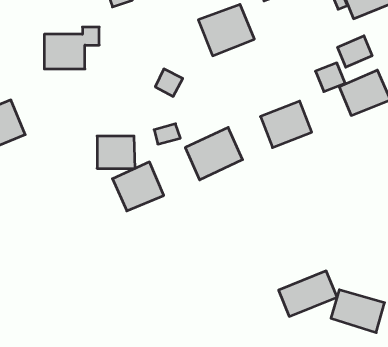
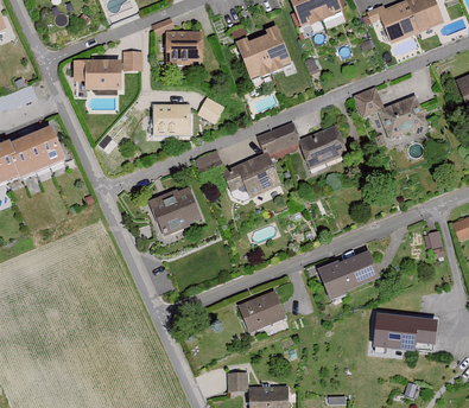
building: none -> [165,31,201,60]
building: [338,36,372,67] -> none
building: none -> [258,121,298,152]
building: [97,136,135,168] -> [152,103,190,135]
building: none -> [237,291,285,332]
building: [279,271,337,316] -> [321,253,379,298]

